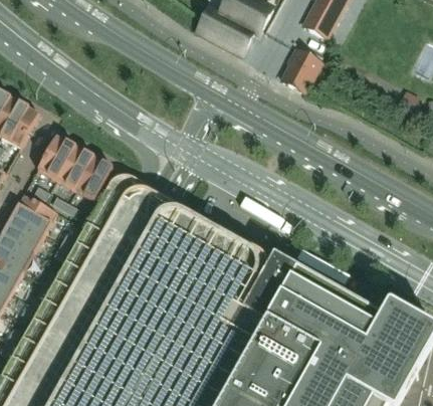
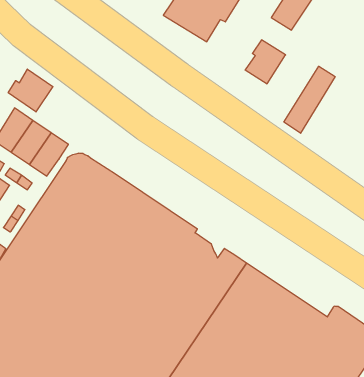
building: none -> [284,66,335,133]
building: none -> [8,69,53,112]

